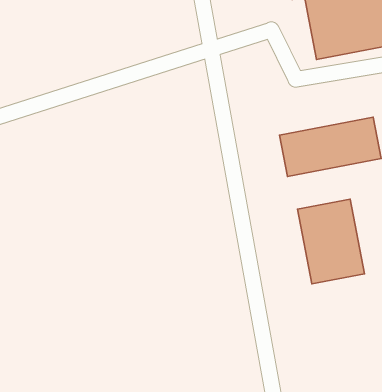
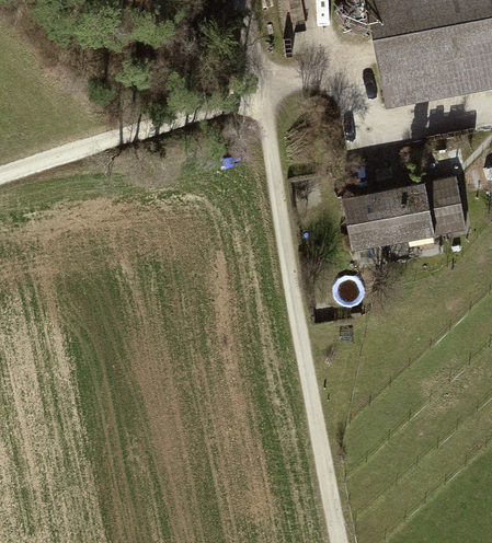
building: [297,199,365,284] -> none

